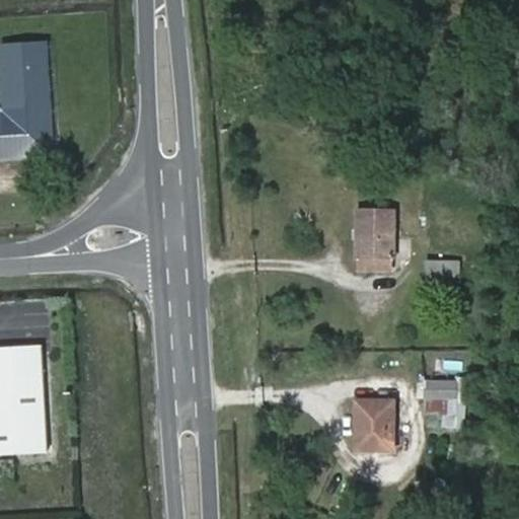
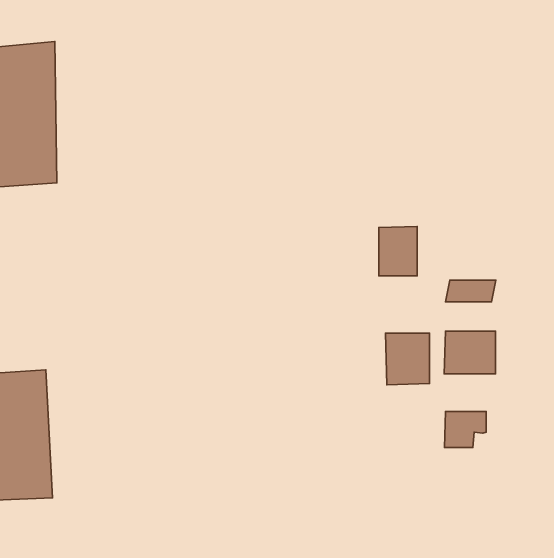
building: none -> [444,331,496,374]
building: [351,398,391,446] -> [386,333,429,385]

